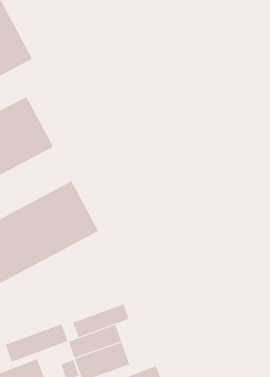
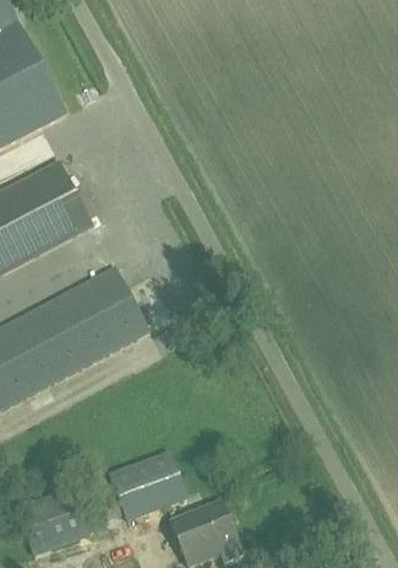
building: [72,304,129,338] -> none
building: [5,323,68,362] -> none

